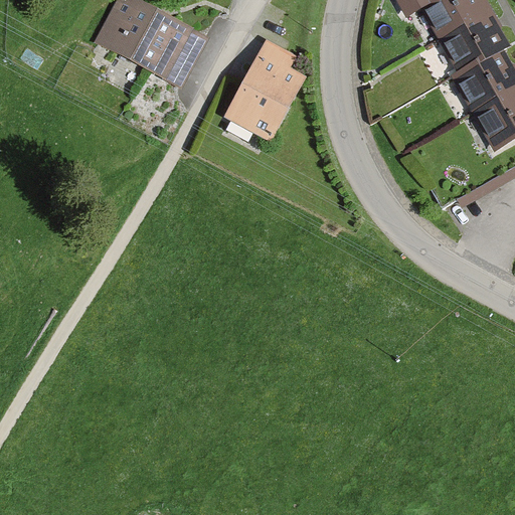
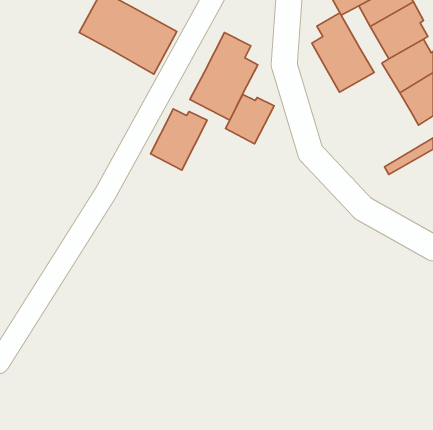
building: none -> [312,13,374,92]
building: none -> [225,94,274,144]
building: none -> [151,109,207,170]

